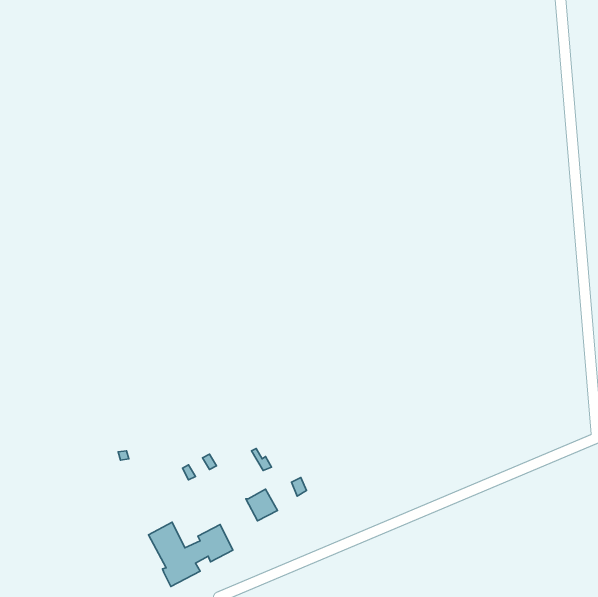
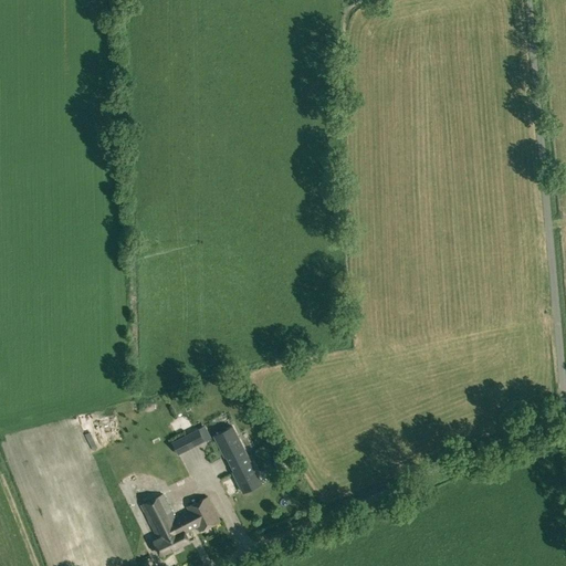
building: none -> [214,426,243,455]

